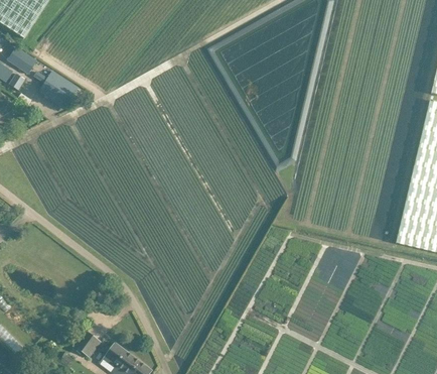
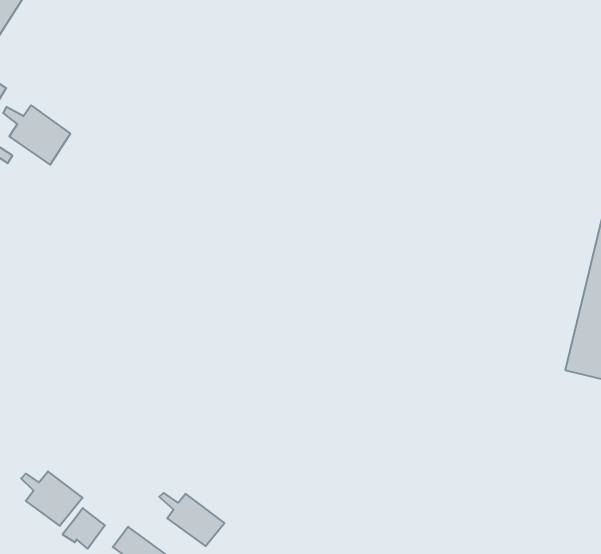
building: none -> [21,471,83,526]
building: none -> [159,493,224,546]

